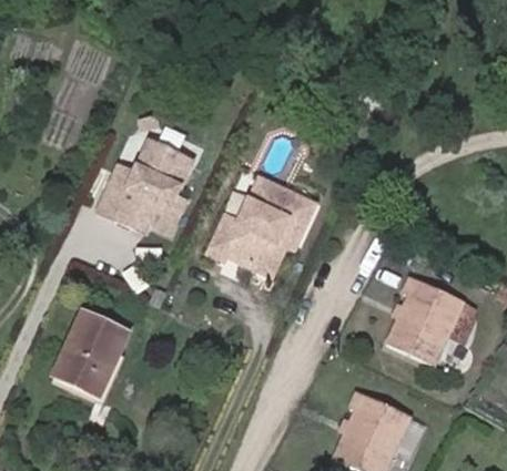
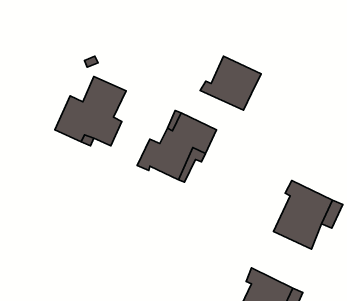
building: none -> [200,56,261,110]
building: [55,316,128,398] -> none

